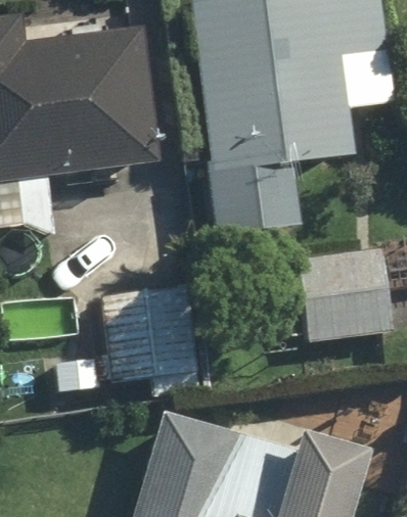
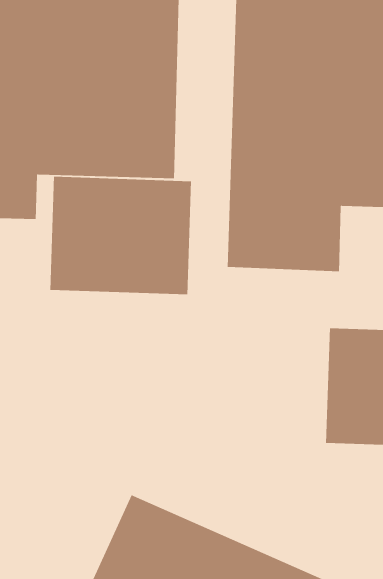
building: none -> [49,176,192,295]
building: [63,286,205,384] -> none

